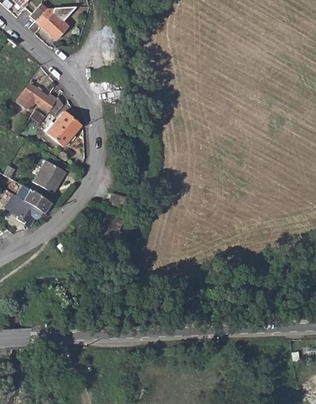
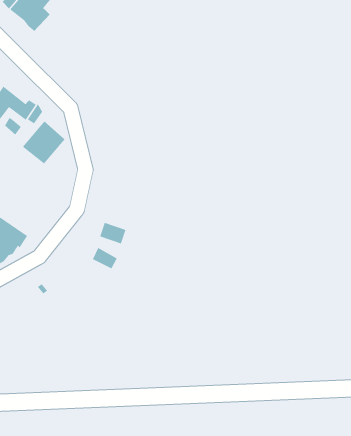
building: [34,160,66,193] -> none

